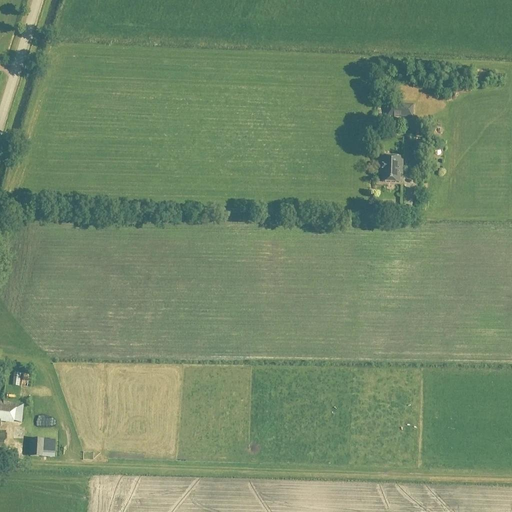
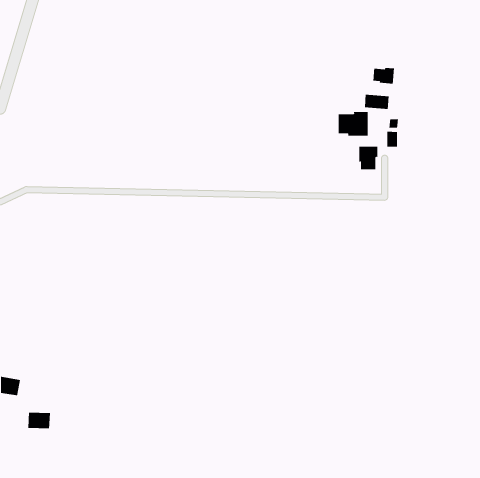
building: none -> [373,67,395,84]
building: none -> [338,111,368,136]

